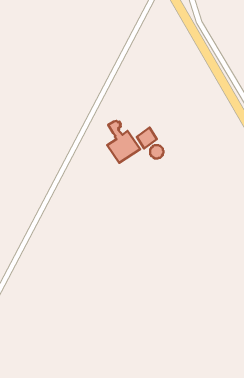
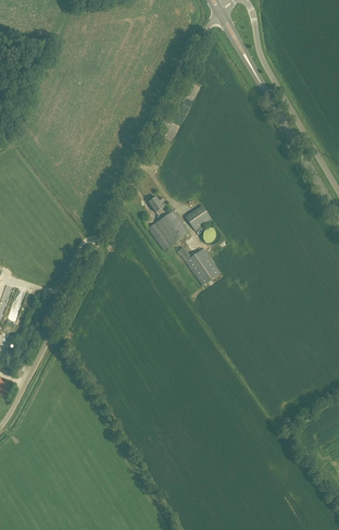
building: none -> [183,247,218,284]

